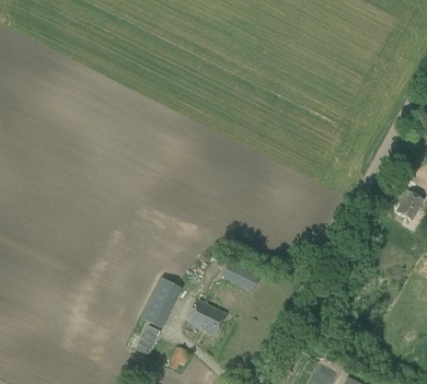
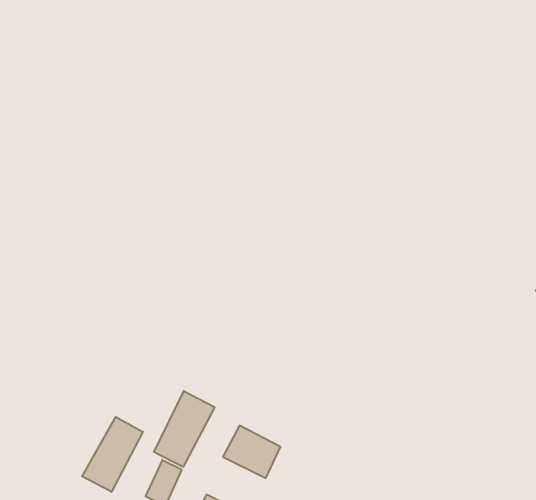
building: [221,260,259,291] -> none
building: none -> [82,417,143,492]

